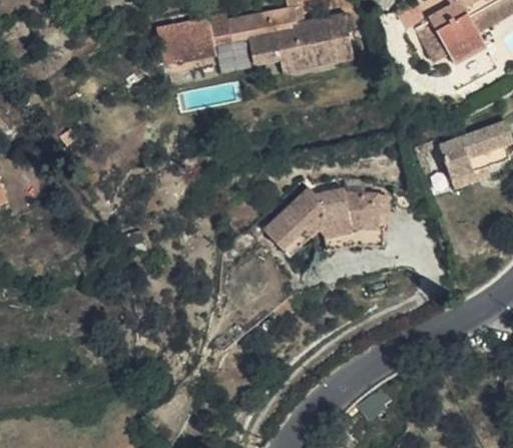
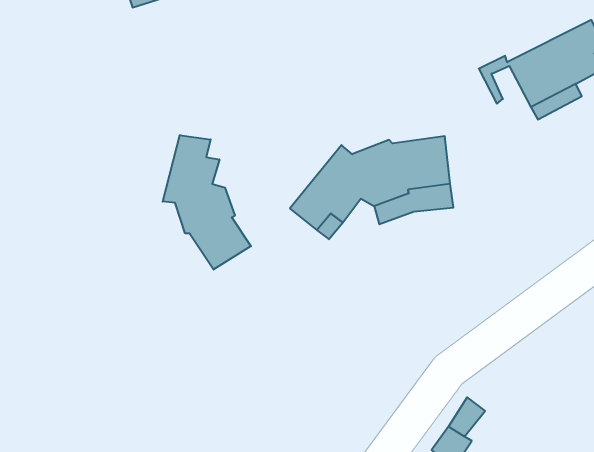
building: none -> [163,135,251,270]

